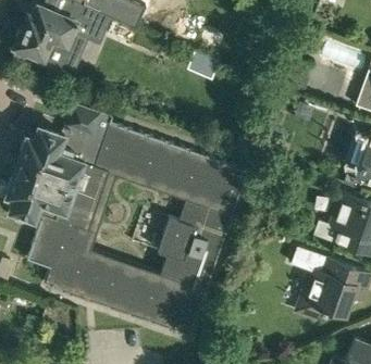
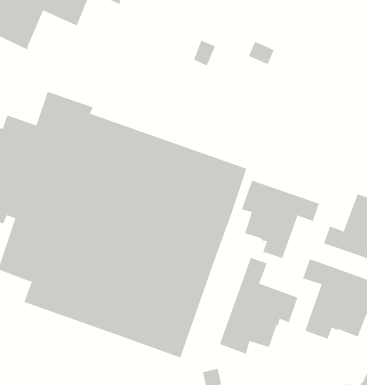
building: none -> [241,180,319,259]
building: none -> [219,257,298,355]

